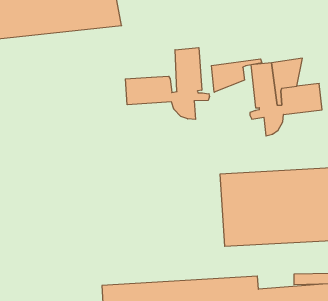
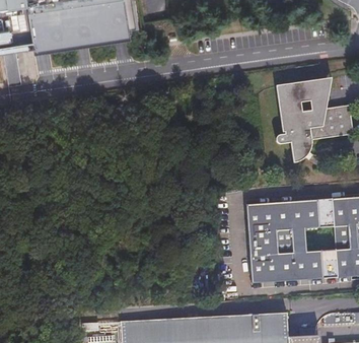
building: [125,48,209,119] -> none
building: [211,59,262,92] -> none

